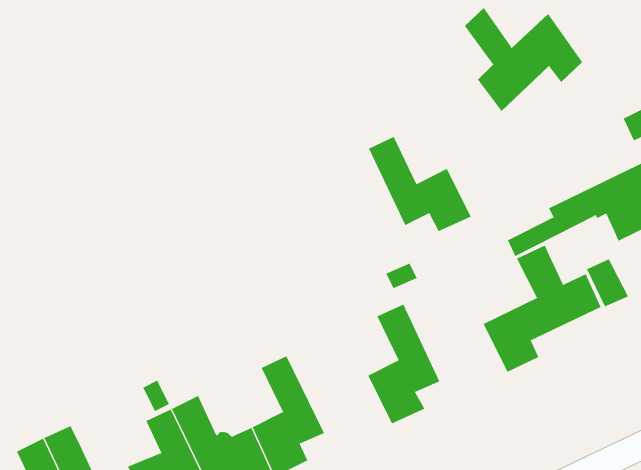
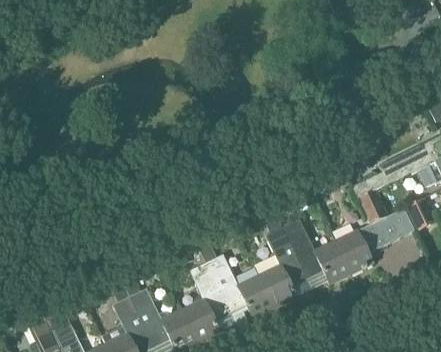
building: [464,7,583,112] -> none
building: [368,136,472,232] -> [283,221,351,284]
building: none -> [206,255,275,319]

